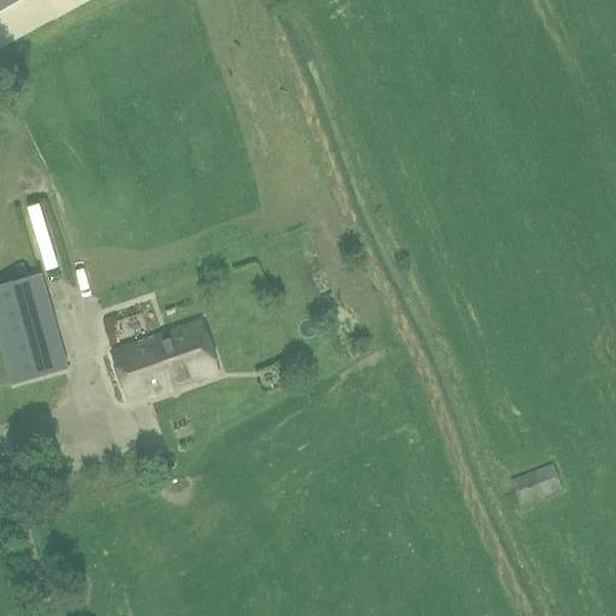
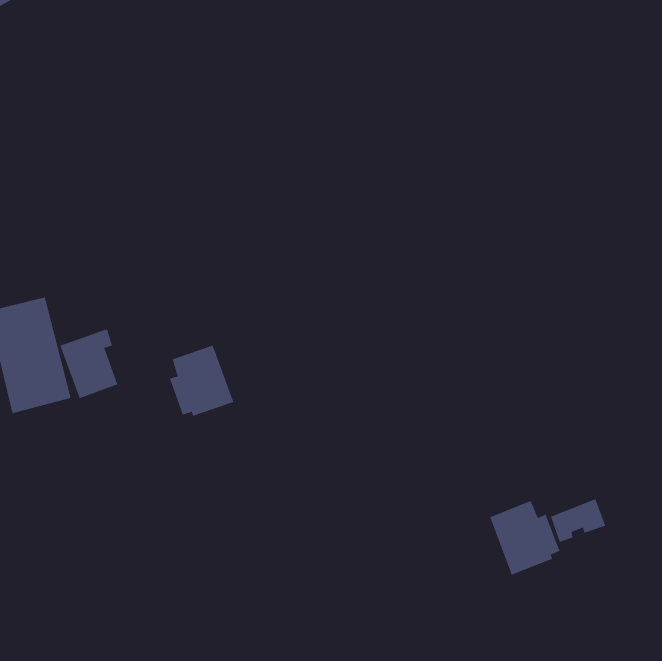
building: [114,332,168,397] -> [60,329,118,399]
building: none -> [489,500,560,576]

